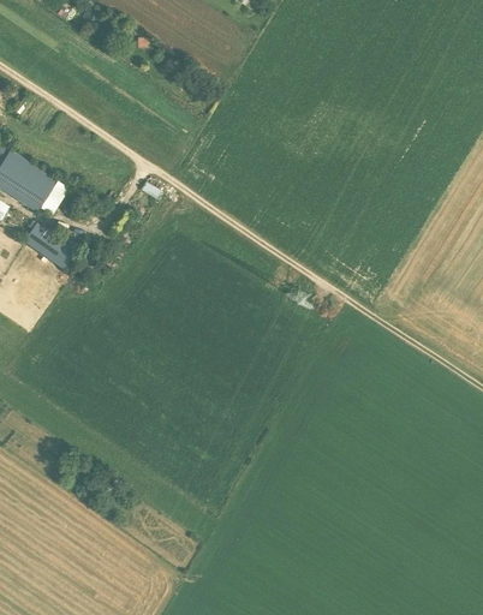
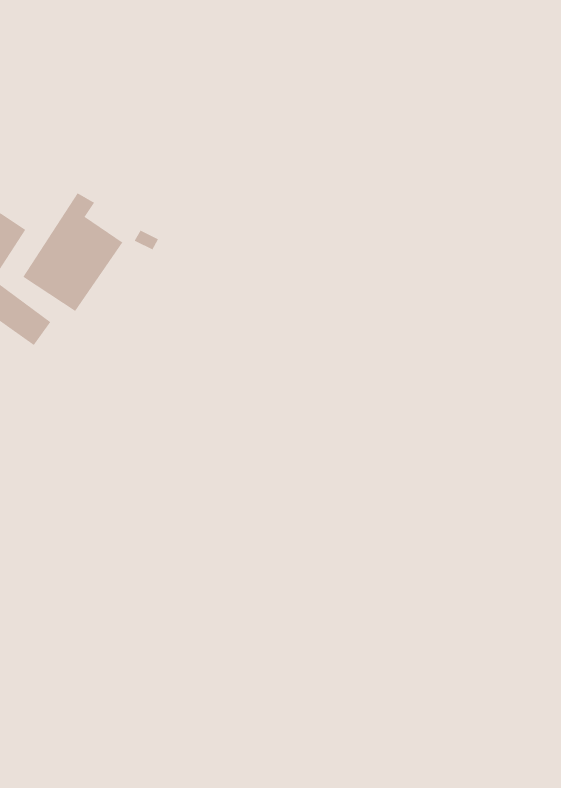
building: none -> [22,192,123,312]

